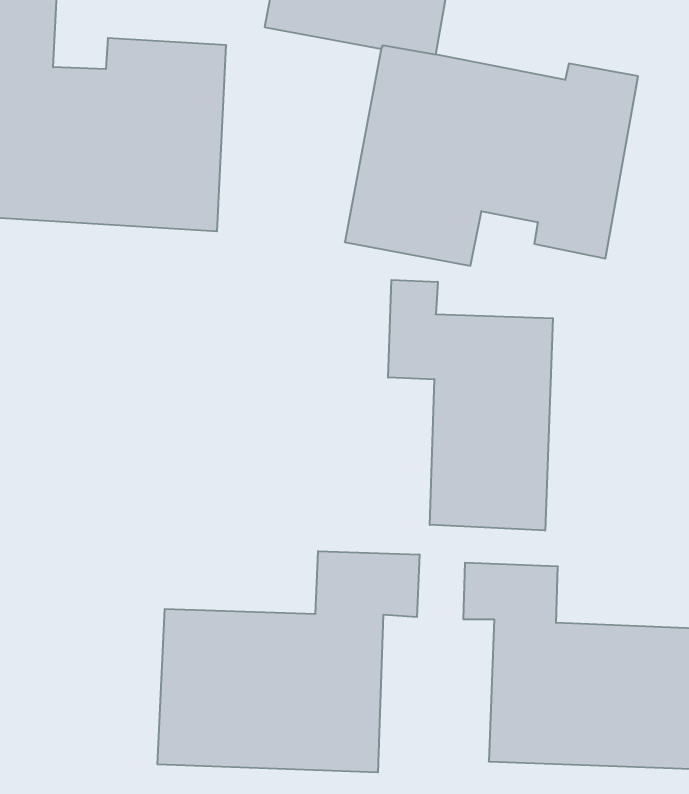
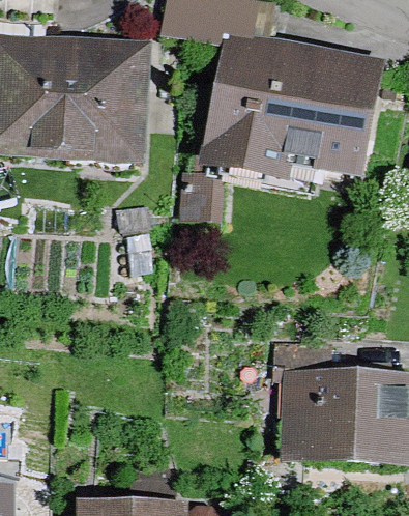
building: [388,280,553,531] -> none
building: [158,551,419,772] -> none

